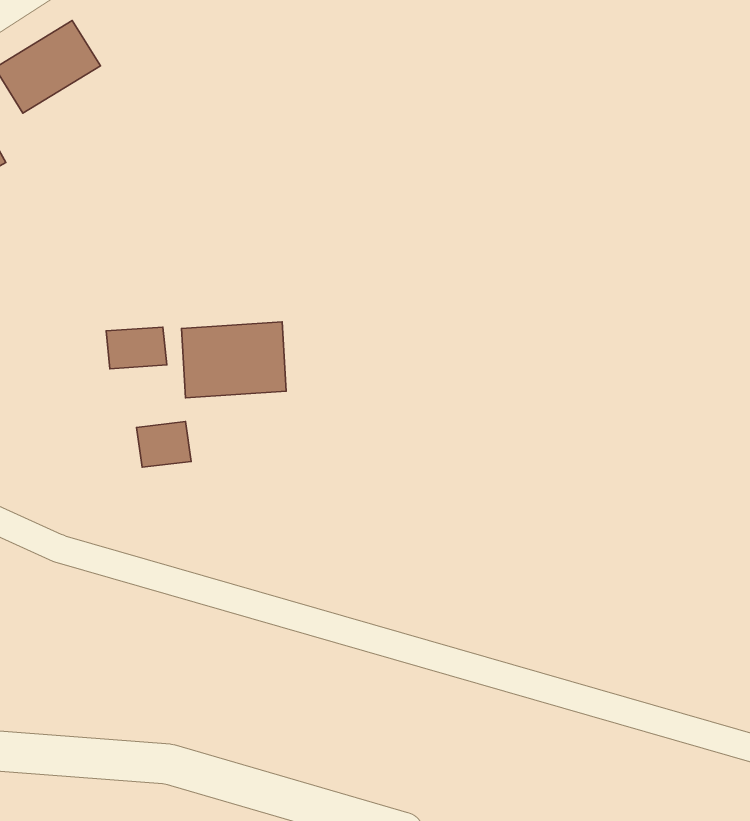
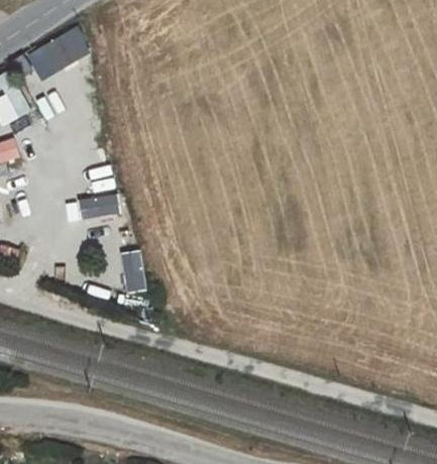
building: [182,322,286,398] -> none

